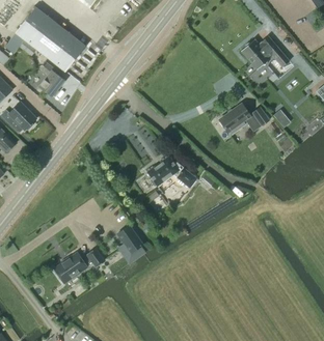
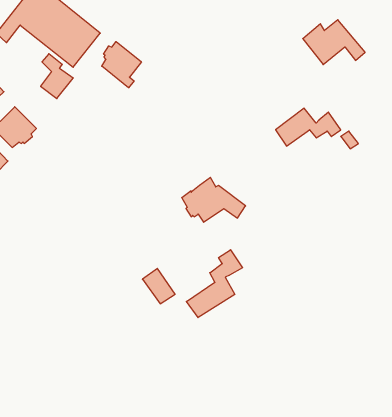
building: none -> [102,42,141,88]
building: none -> [186,250,243,318]
building: [54,250,104,284] -> none

